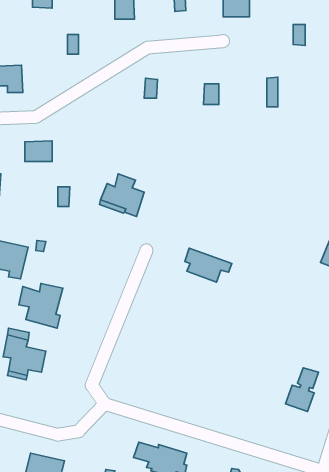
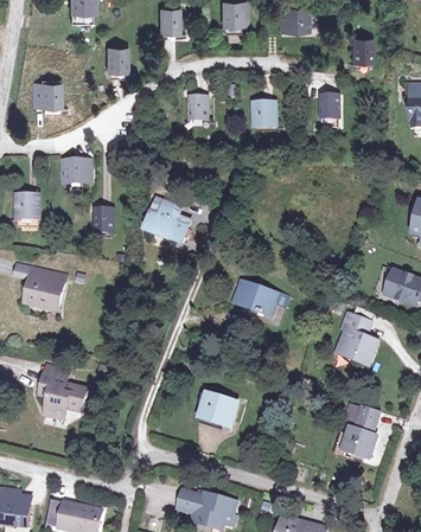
building: none -> [336,314,376,363]
building: [19,284,63,328] -> none
building: none -> [199,395,235,424]

